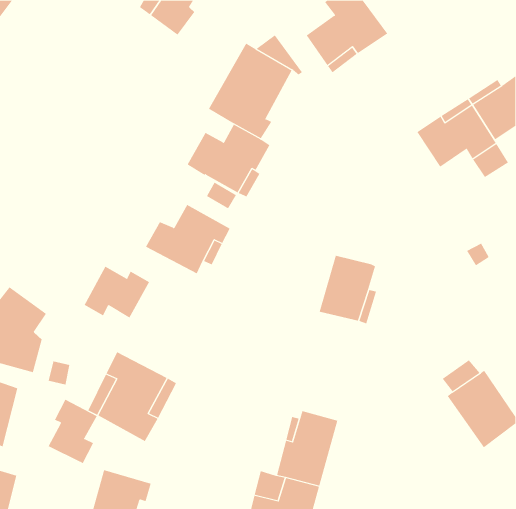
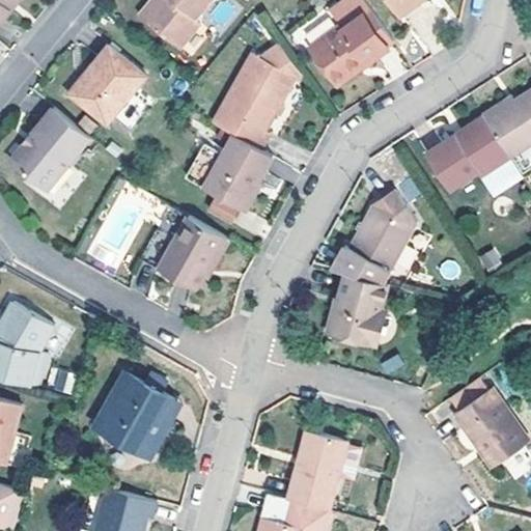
building: none -> [78,52,149,125]
building: none -> [18,114,96,201]
building: none -> [326,187,416,280]
building: [84,266,150,318] -> none
building: [48,399,97,464] -> none

